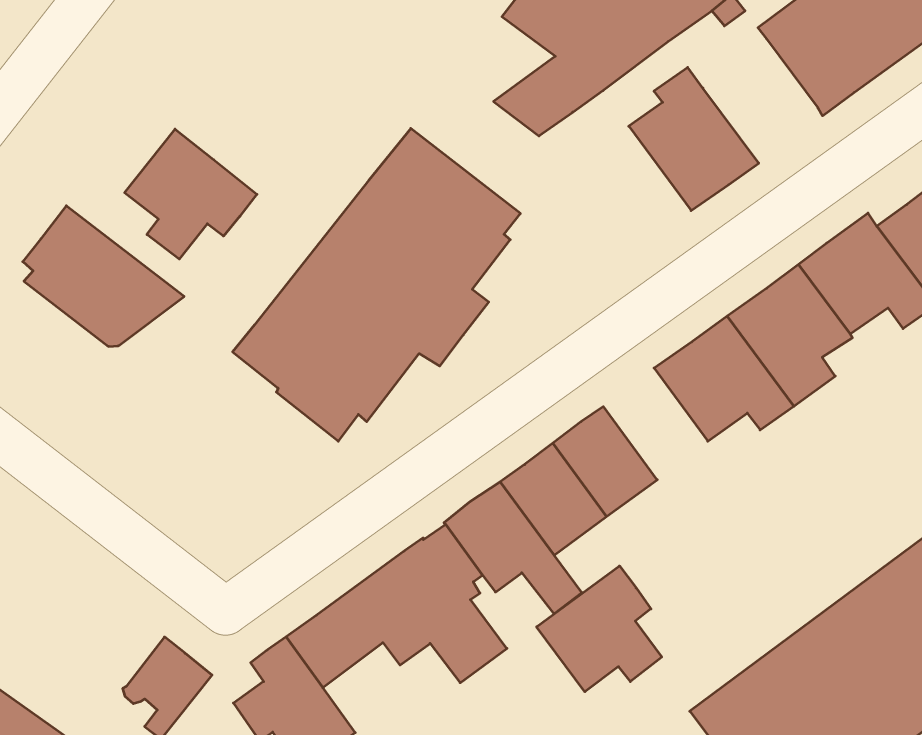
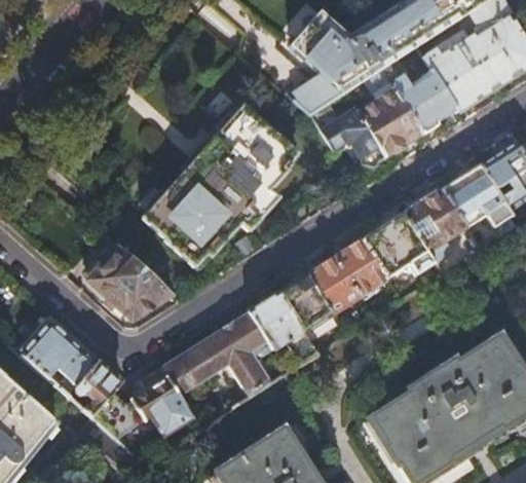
building: none -> [397,68,456,133]
building: none -> [309,100,386,162]
building: [125,129,257,259] -> none
building: [23,206,184,346] -> [87,239,171,314]
building: none -> [334,236,388,295]
building: none -> [21,320,97,385]
building: [537,566,662,692] -> none

